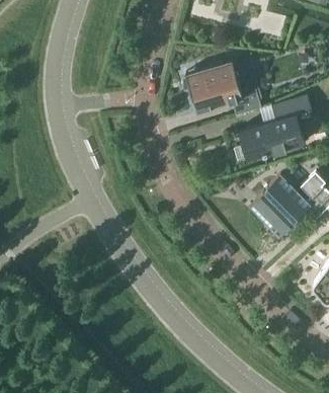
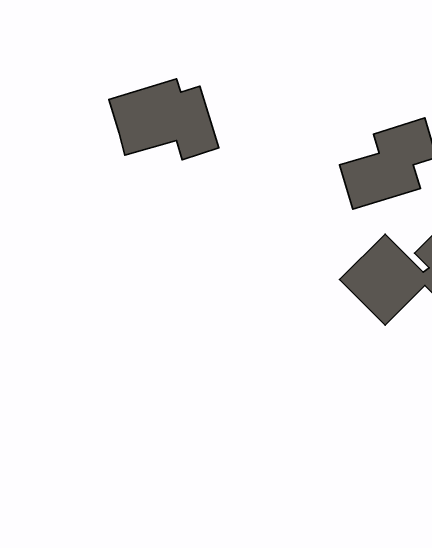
building: [185,61,261,116] -> [109,79,219,160]

